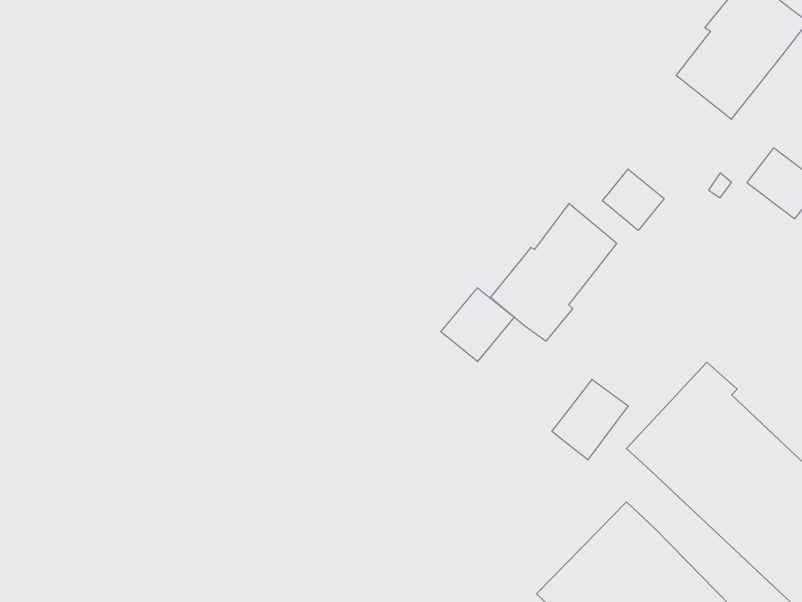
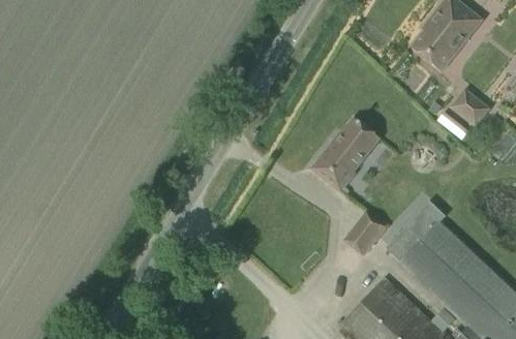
building: [602,169,664,230] -> none
building: [441,288,514,362] -> none

